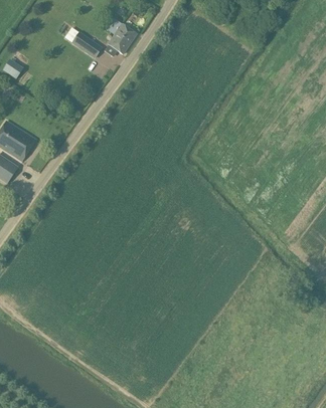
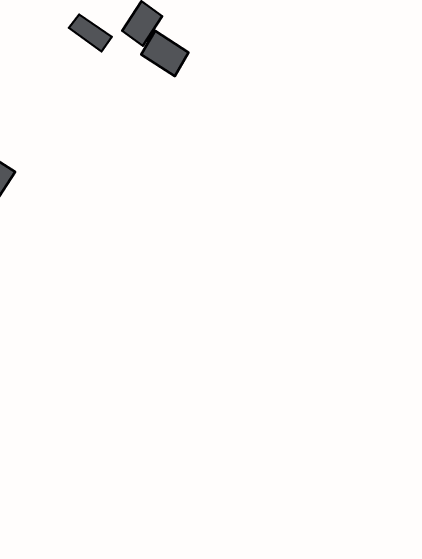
building: none -> [141,31,189,76]

